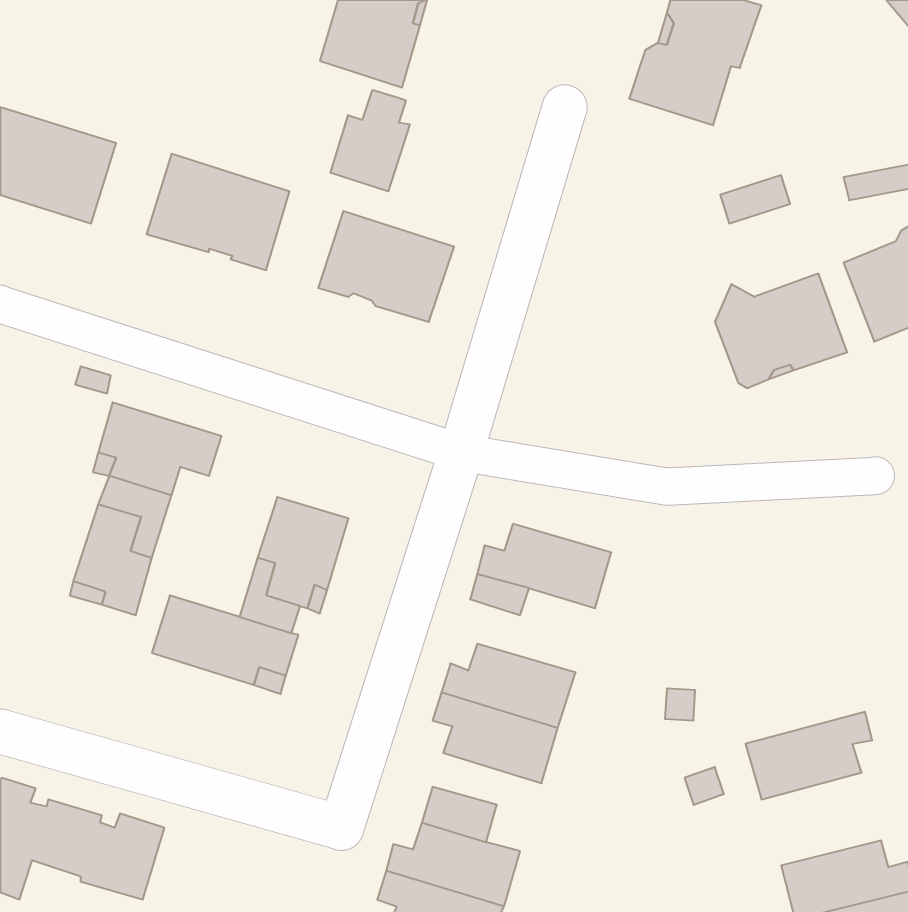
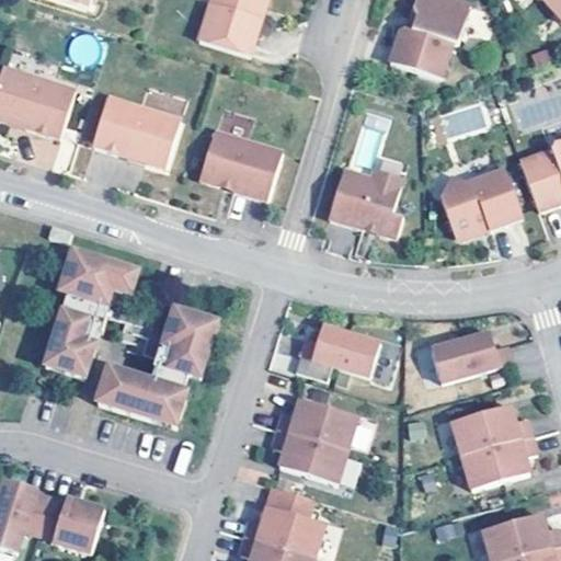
building: [331,90,410,191] -> none
building: none -> [329,163,403,233]
building: none -> [431,333,513,385]
building: none -> [450,407,534,457]

